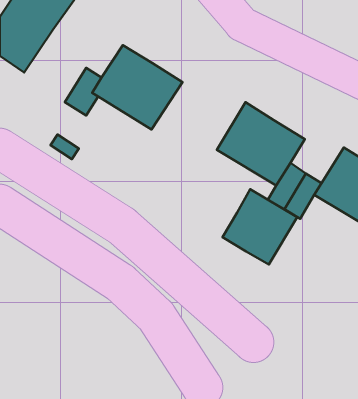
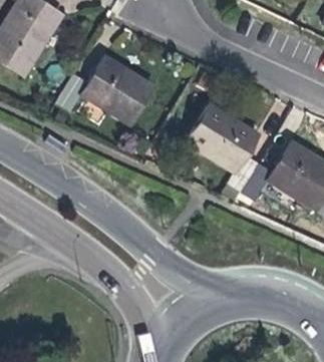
building: [223,189,297,265] -> none

